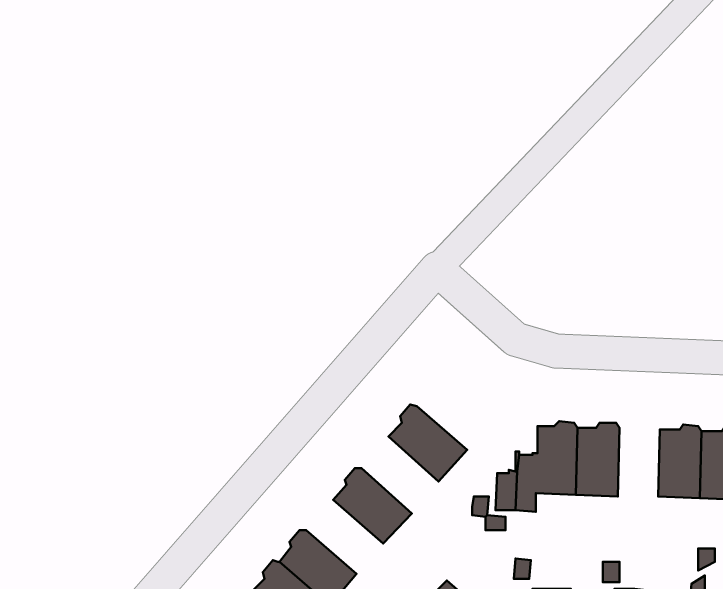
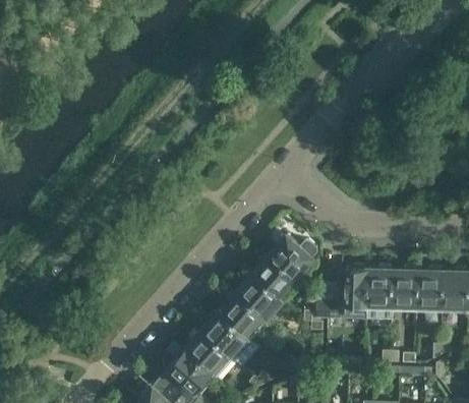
building: none -> [270,234,318,282]
building: none -> [392,267,417,310]
building: none -> [236,274,283,321]
building: none -> [202,311,249,357]

